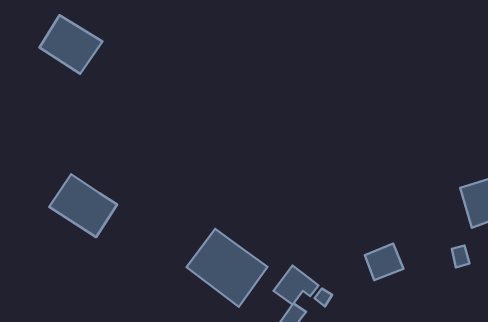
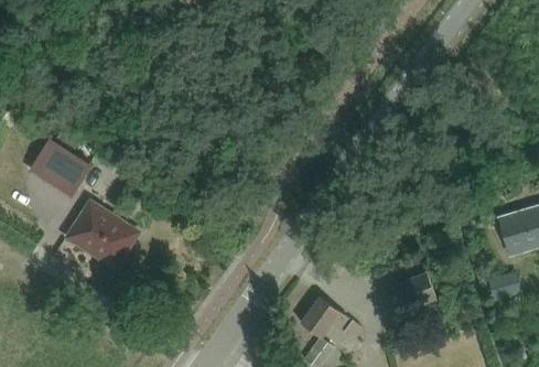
building: [39,15,102,74] -> [30,137,96,198]
building: [186,229,267,307] -> none

